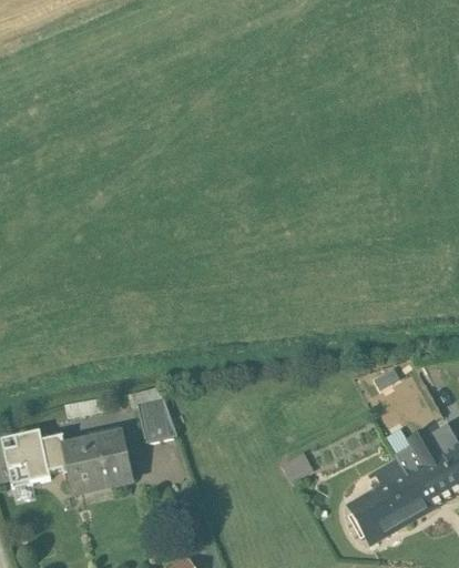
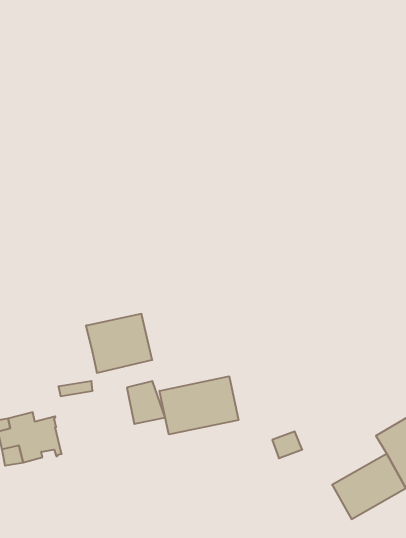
building: none -> [160,376,238,434]
building: [62,432,131,493] -> [86,314,152,373]

